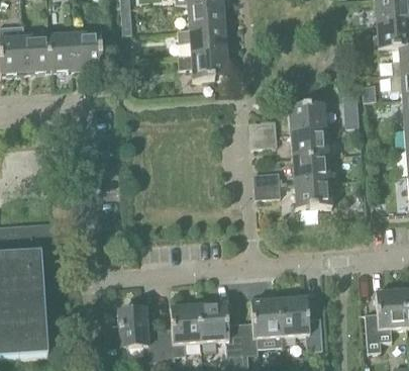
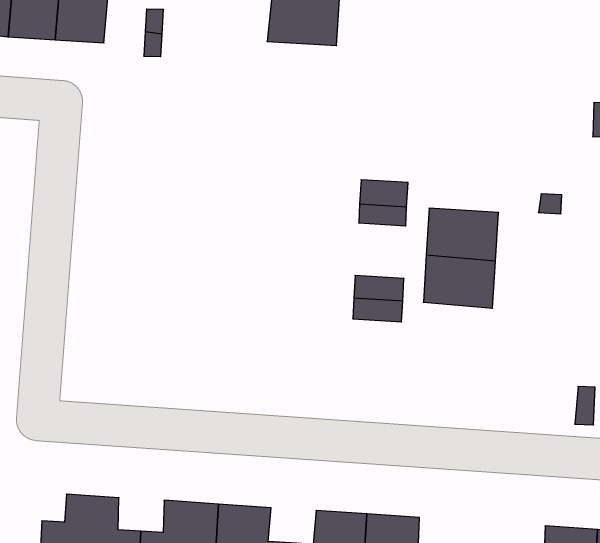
building: [189,51,228,79] -> none
building: [286,101,325,130] -> none
building: [292,179,331,207] -> none

